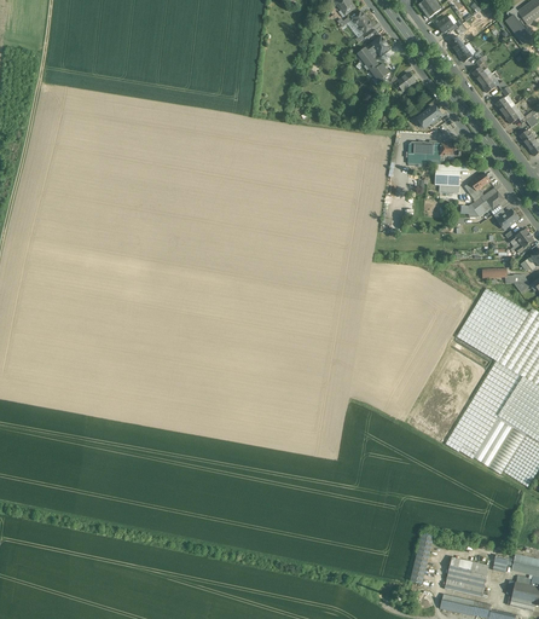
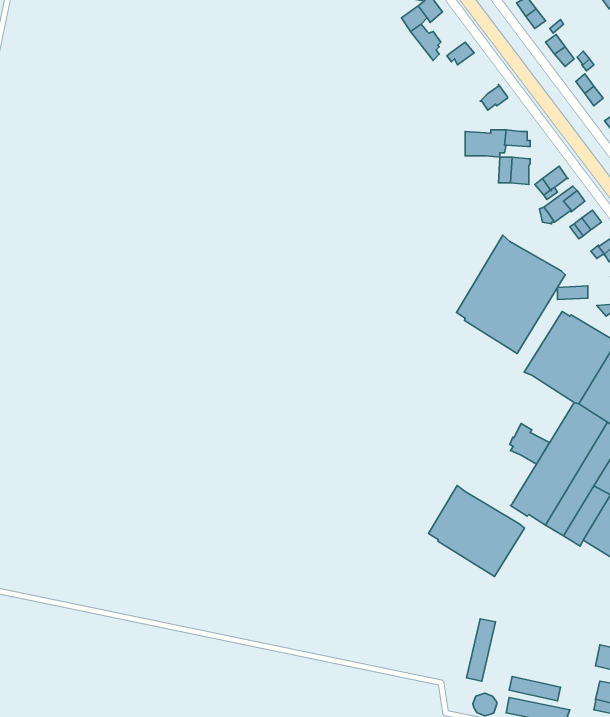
building: none -> [456,235,565,353]
building: none -> [510,423,550,464]
building: none -> [429,485,525,577]
building: [446,557,489,588] -> none

